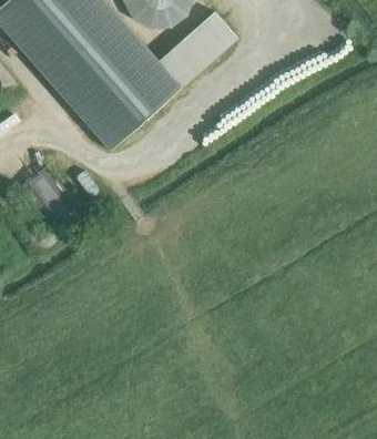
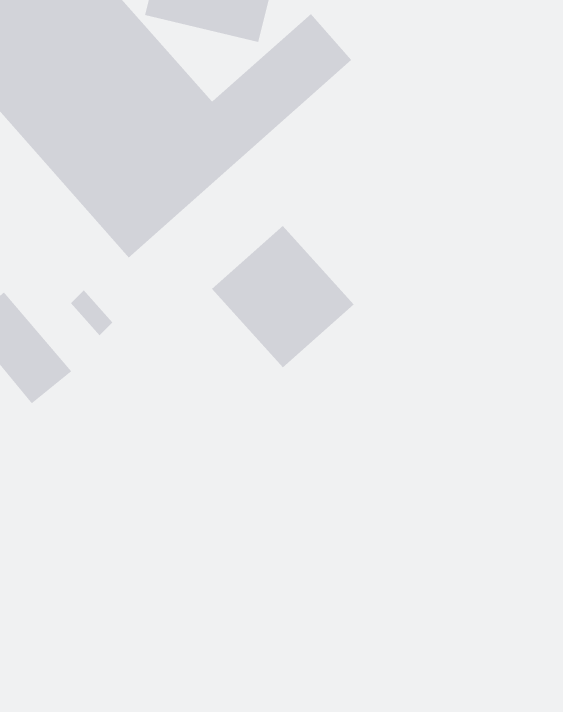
building: none -> [211,225,354,368]

